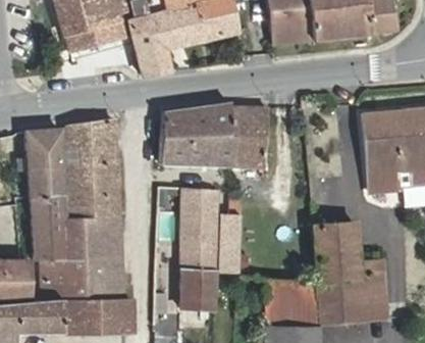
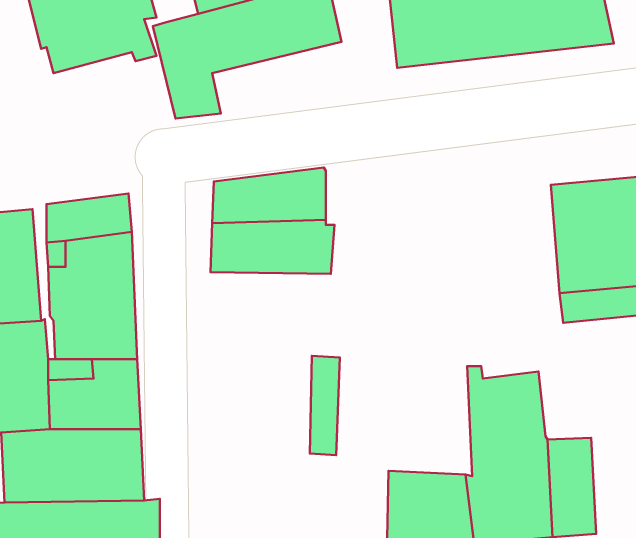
building: [230,106,266,167] -> none
building: [180,189,219,308] -> none

